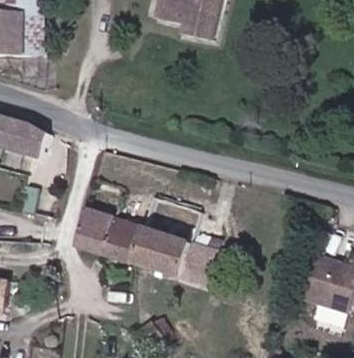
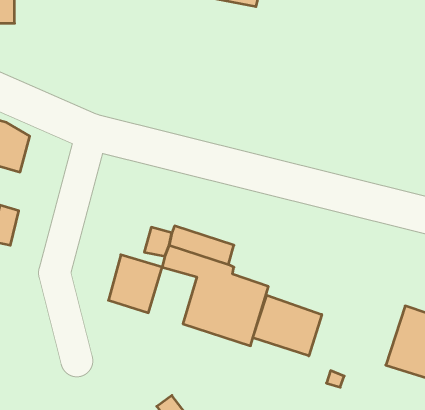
building: [75,211,113,253] -> none
building: [133,229,168,270] -> none
building: none -> [253,295,322,356]

